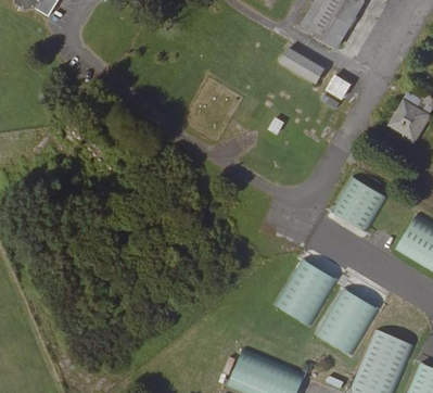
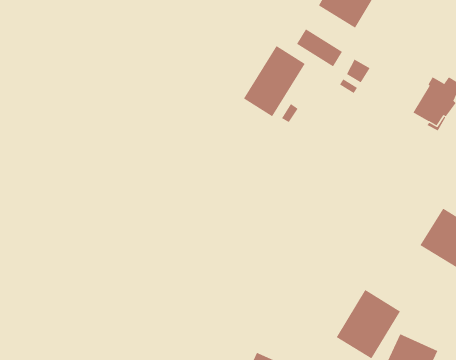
building: none -> [243,45,305,117]
building: [332,178,389,233] -> none
building: [276,261,336,325] -> none

